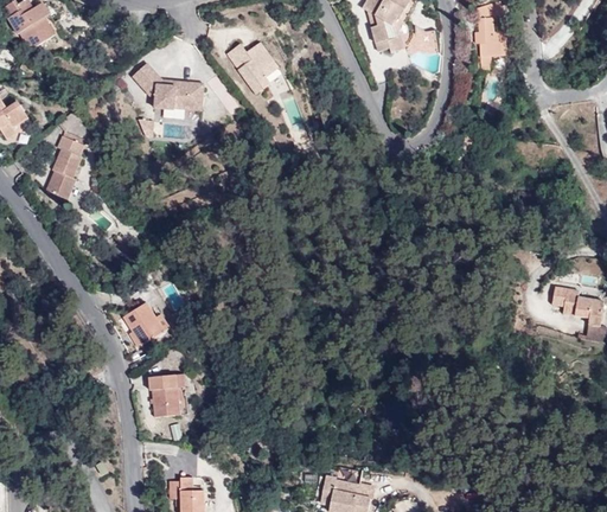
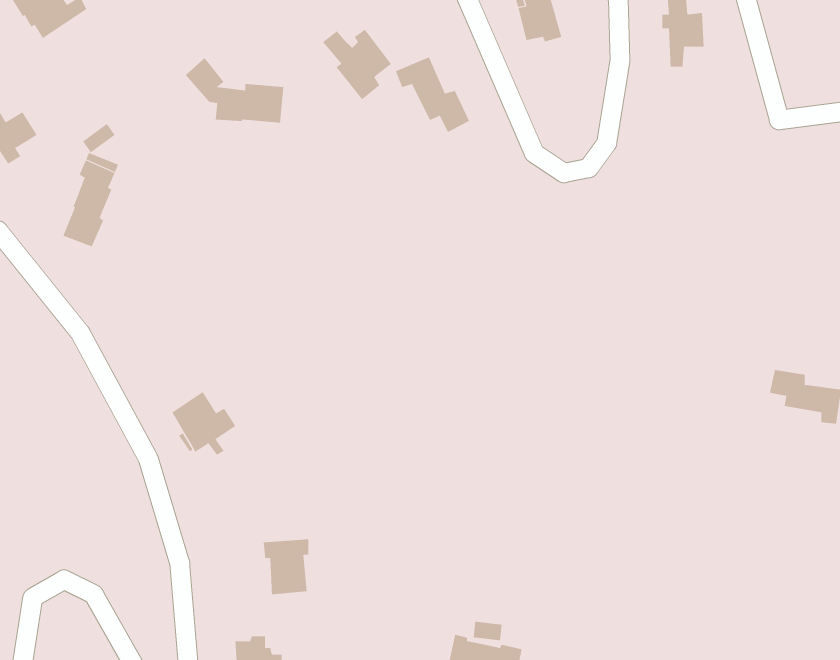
building: [411,28,439,52] -> none
building: none -> [395,56,470,133]
building: [147,377,180,417] -> [263,539,309,595]

